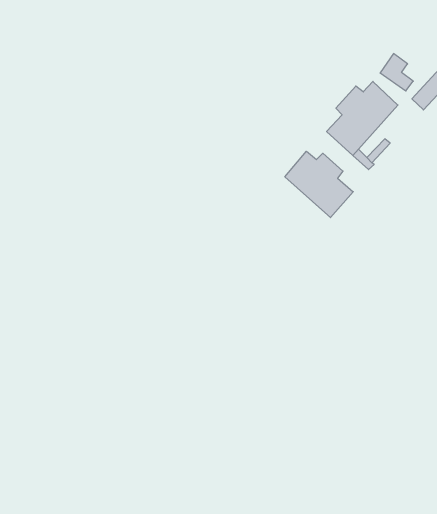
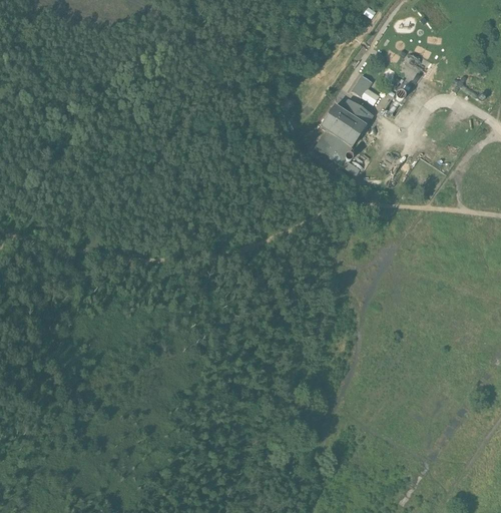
building: [285,151,353,218] -> none

